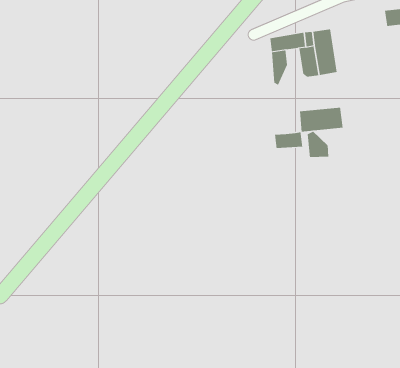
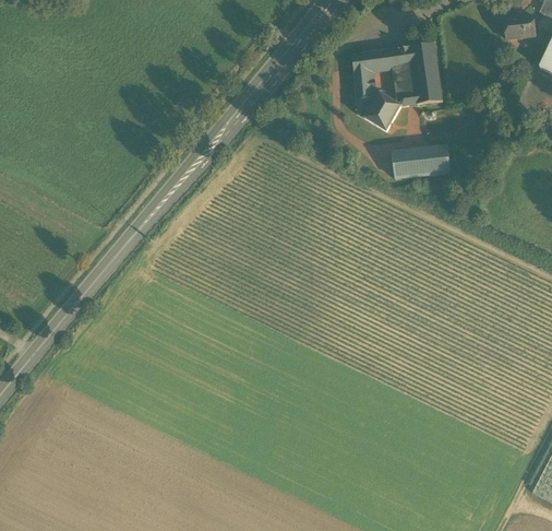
building: none -> [365,90,403,131]
building: [307,131,329,158] -> none
building: [274,132,303,149] -> none

